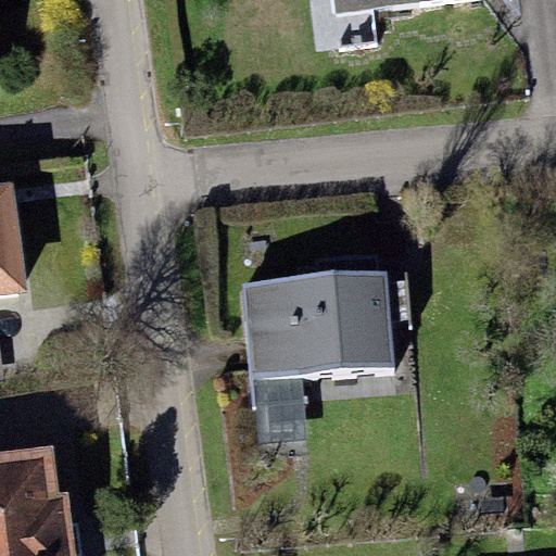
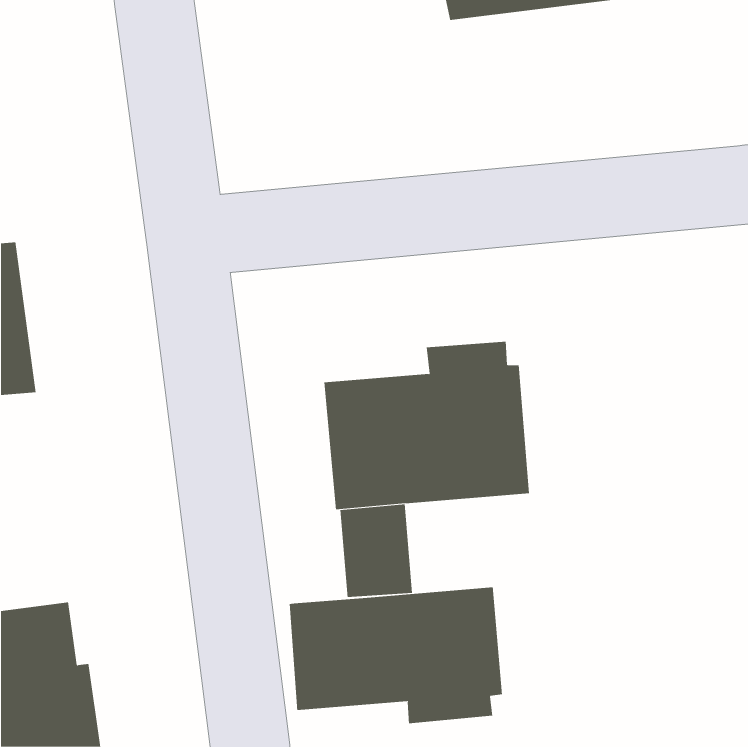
building: none -> [289,586,503,724]

